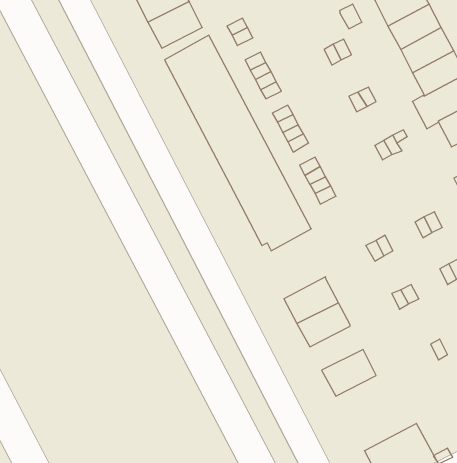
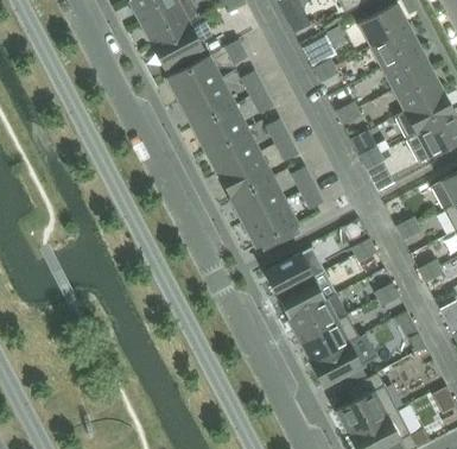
building: none -> [265,247,325,296]
building: none -> [300,314,360,361]
building: none -> [337,372,398,435]

